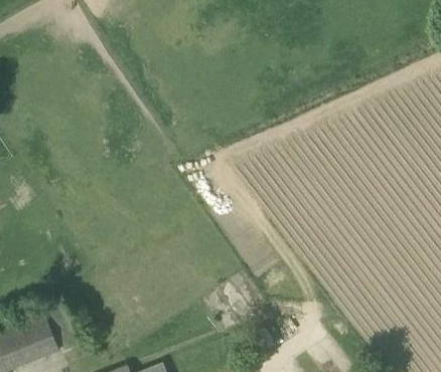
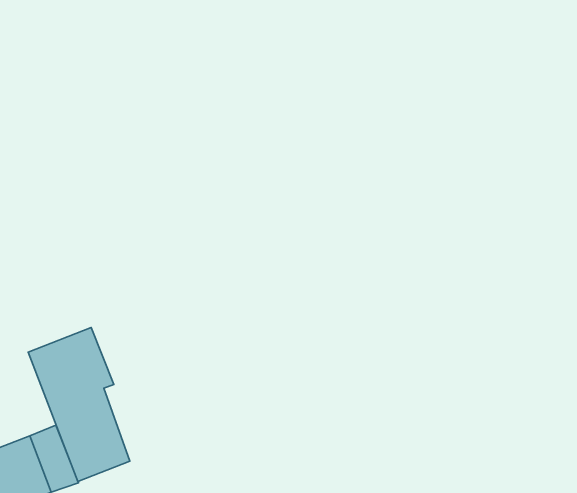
building: none -> [28,327,130,481]

